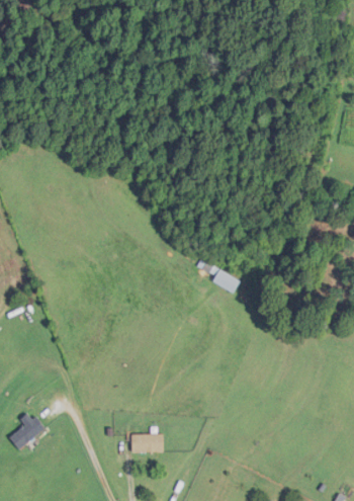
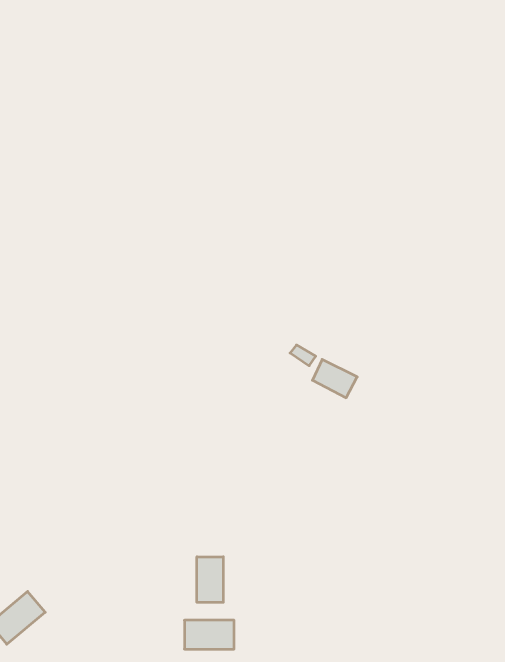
building: none -> [197,557,223,602]

